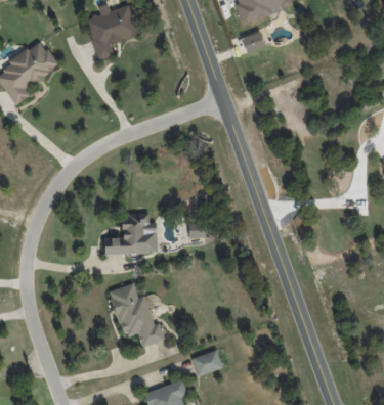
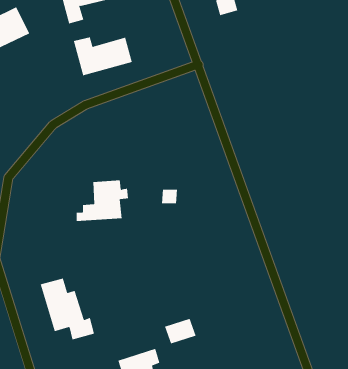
building: none -> [73,36,133,76]
building: [110,284,164,346] -> [40,278,95,340]

